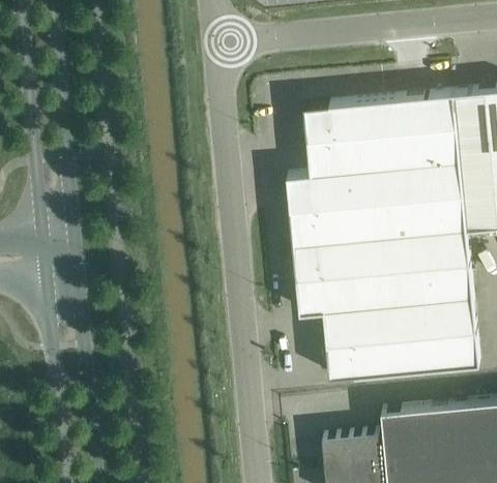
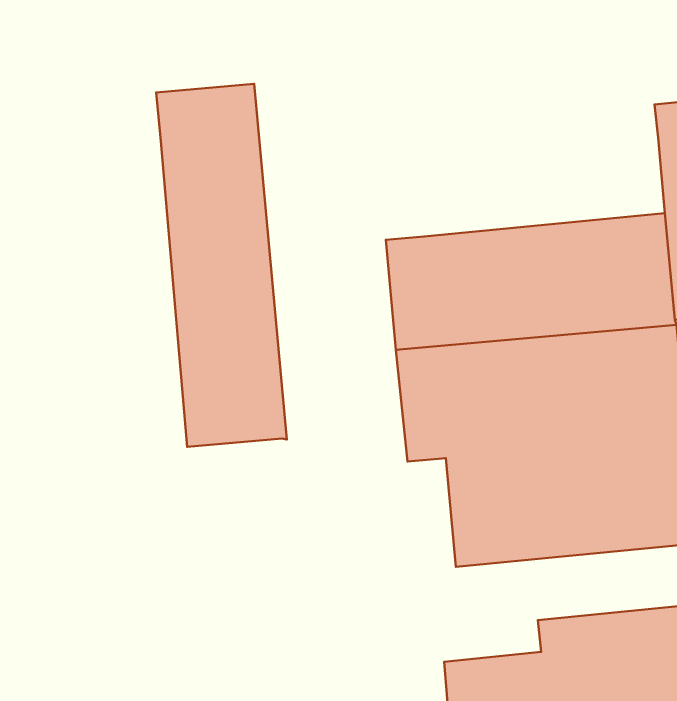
building: none -> [156,84,287,447]
building: [304,96,460,178] -> none

